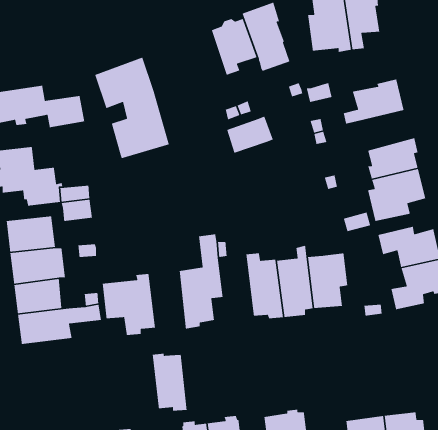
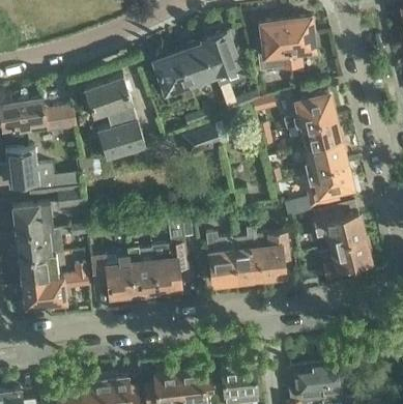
building: none -> [153,54,193,104]
building: none -> [295,119,342,151]
building: [152,351,188,412] -> [127,249,156,297]

